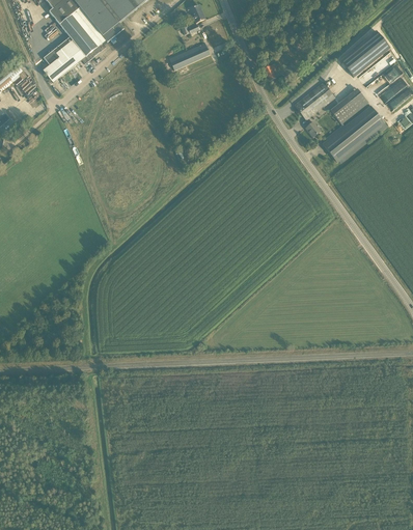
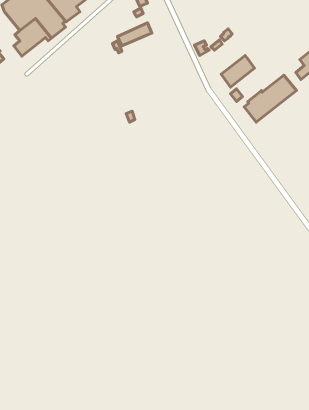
building: [341,30,390,75] -> none
building: [331,88,368,123] -> none

